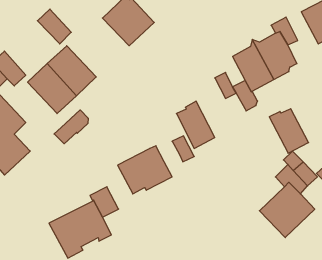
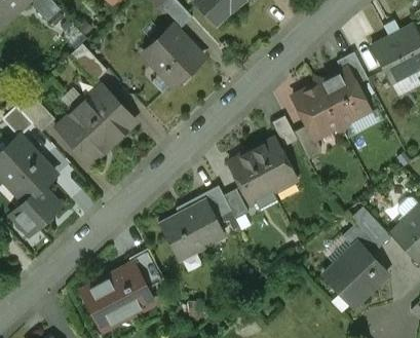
building: [269,109,309,153] -> [251,140,296,191]
building: [54,110,88,144] -> none
building: none -> [194,186,231,219]

